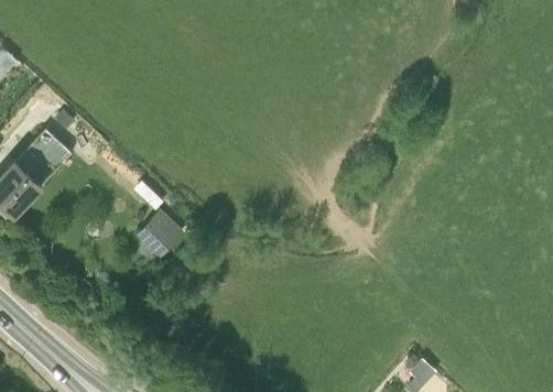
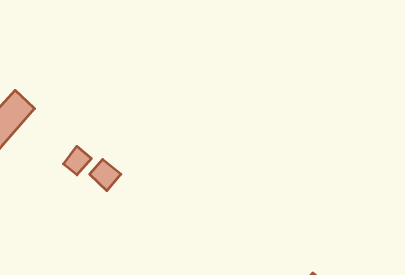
building: none -> [63,146,91,175]

